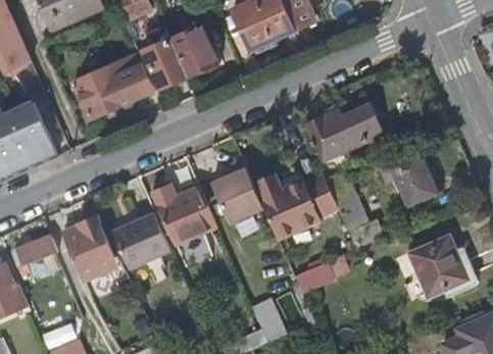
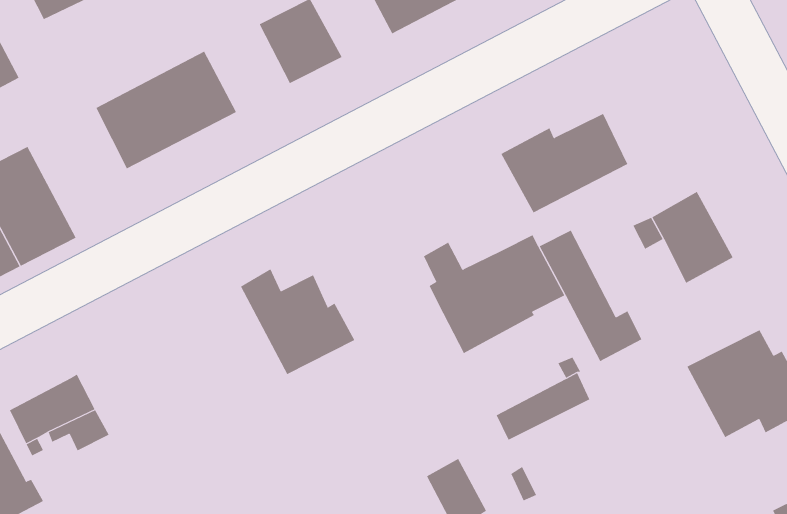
building: [146,40,188,88] -> none
building: [212,163,264,224] -> none
building: [107,200,165,257] -> none
building: [63,216,116,275] -> none

